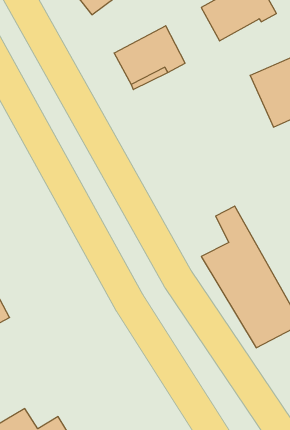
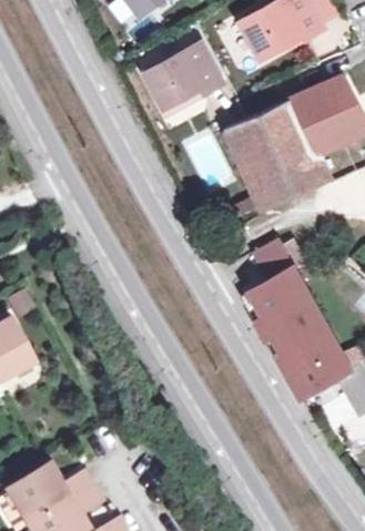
building: none -> [224,96,329,211]

